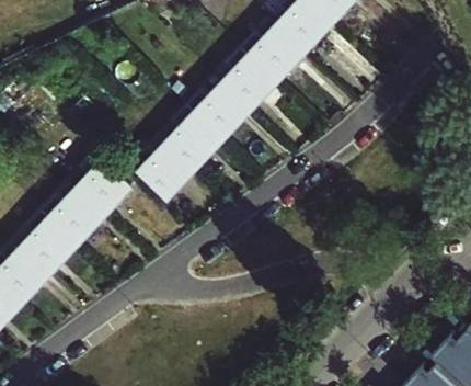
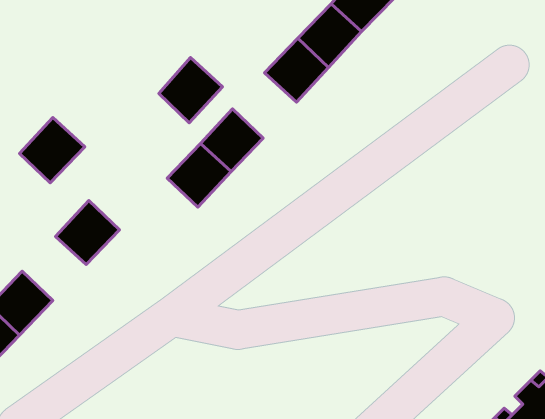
building: [196,88,249,141] -> [159,58,223,123]
building: [78,163,131,217] -> [20,118,85,183]
building: [23,223,76,275] -> none

